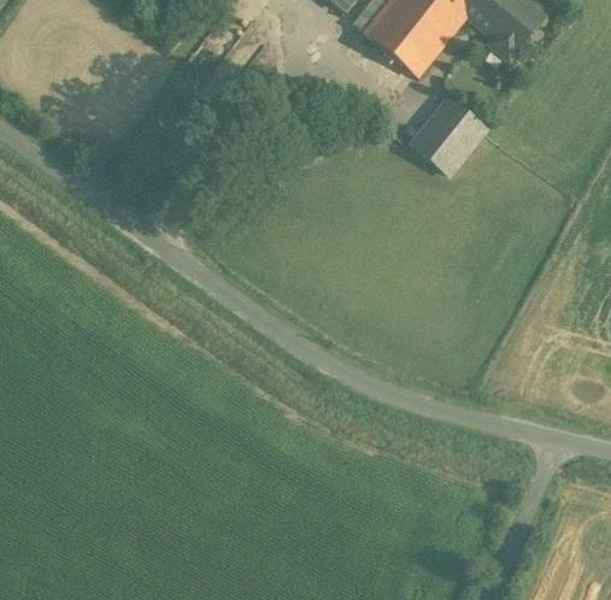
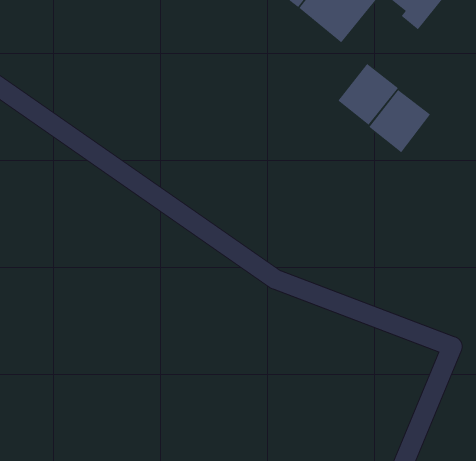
building: none -> [368,89,431,153]

